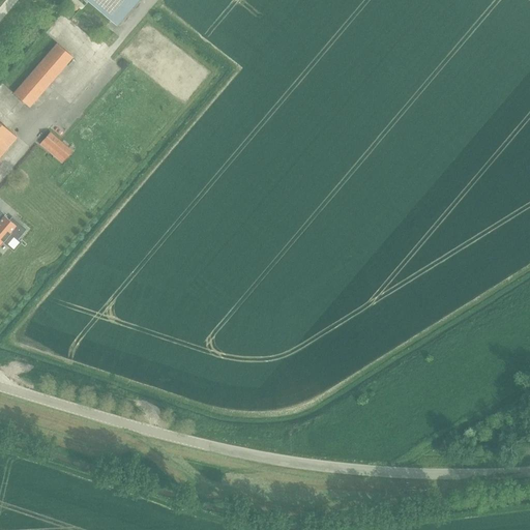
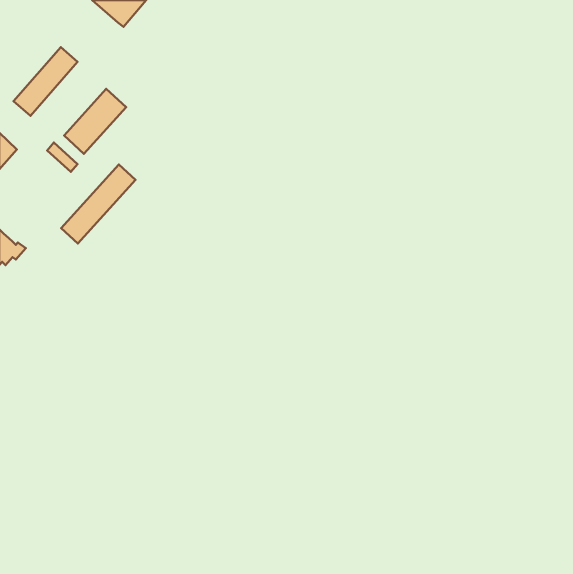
building: none -> [64,89,126,154]
building: none -> [61,165,135,243]

